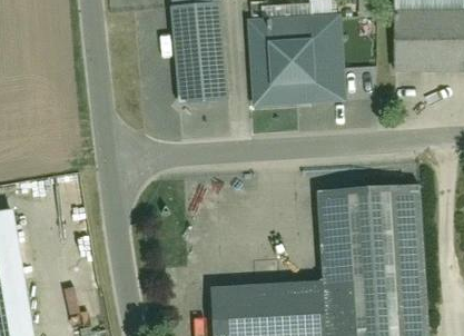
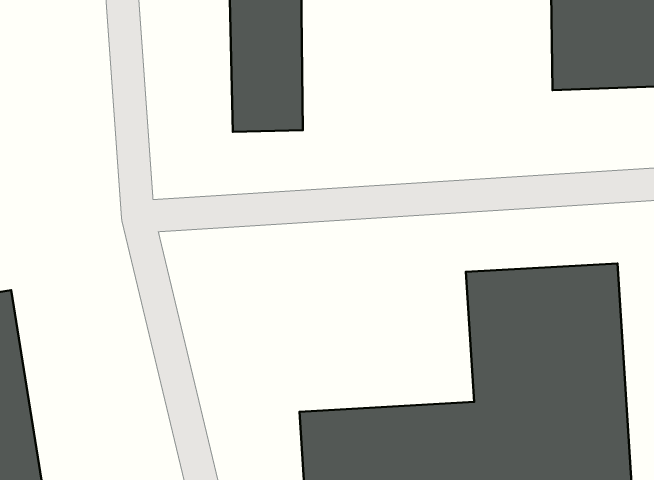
building: [248,19,334,106] -> none

